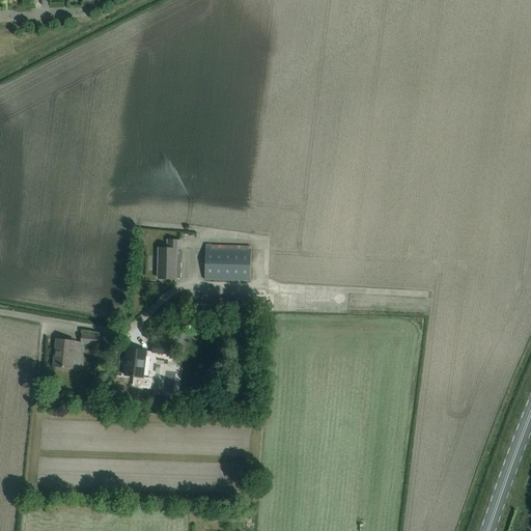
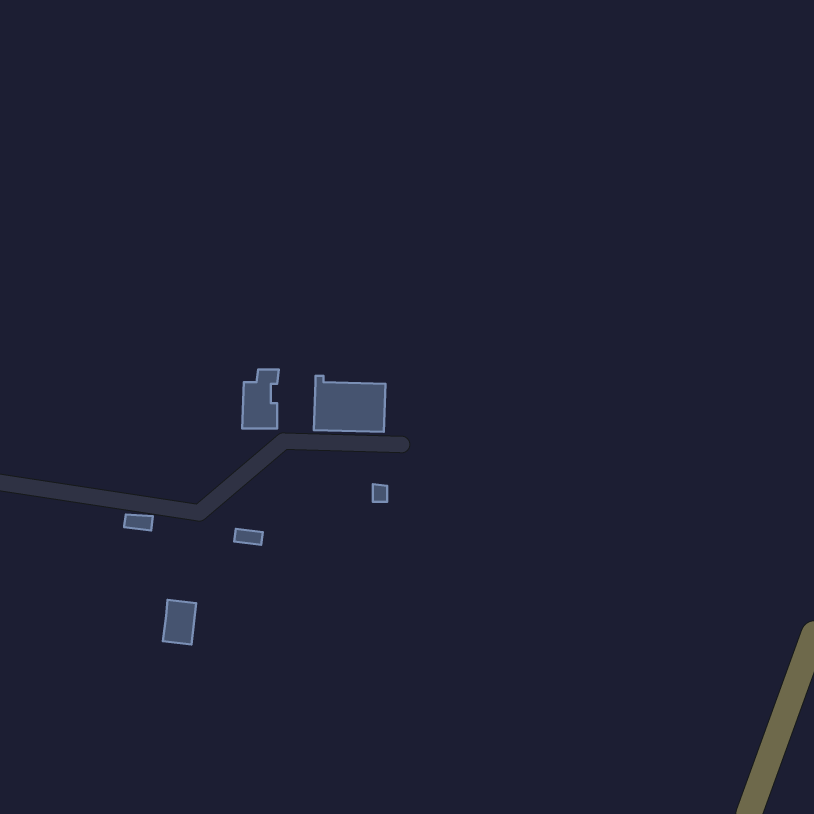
building: [53,339,75,368] -> none
building: [124,348,146,378] -> [163,600,196,644]

